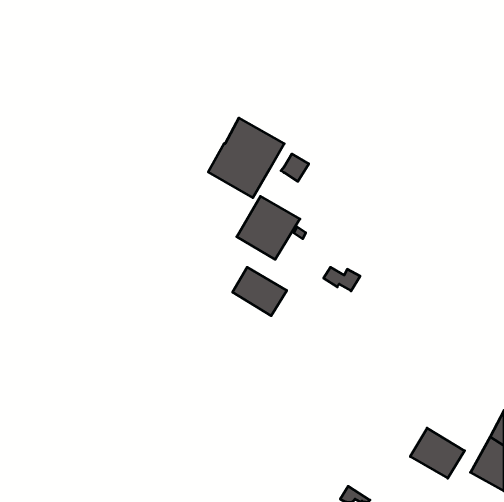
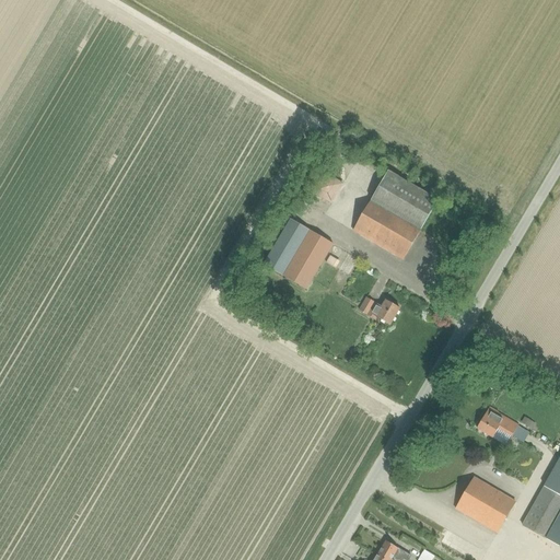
building: [208,118,284,198] -> [353,170,438,258]
building: [233,267,287,316] -> none
building: none -> [477,406,517,436]

